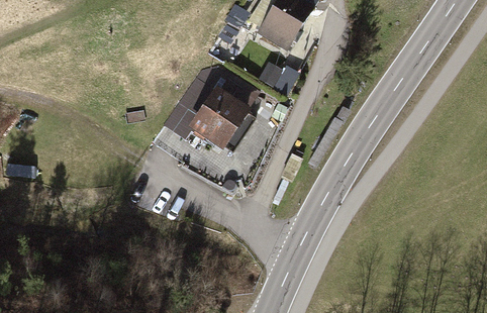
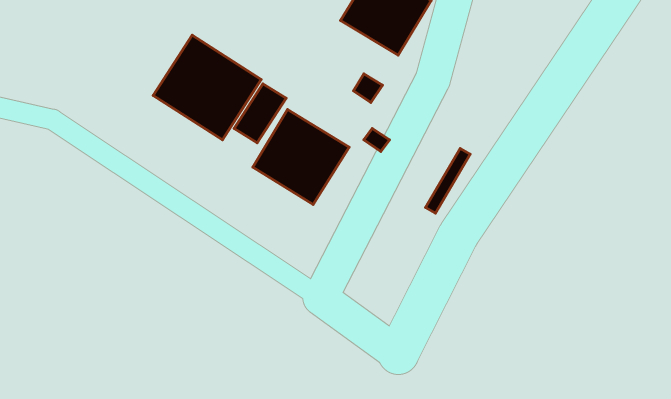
building: none -> [153,35,261,140]

